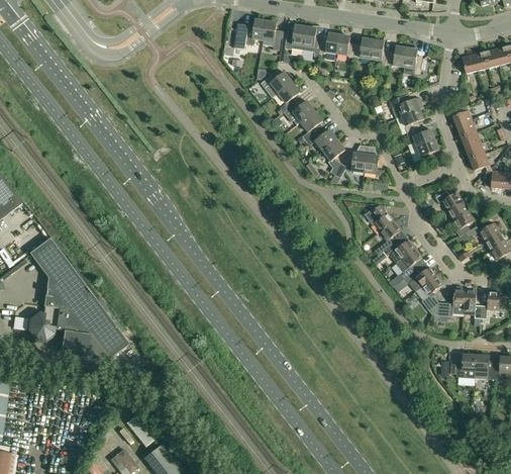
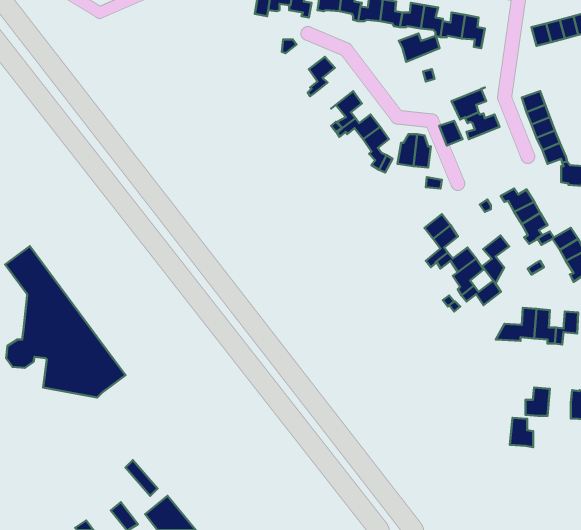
building: [260,72,291,97] -> none
building: [389,95,422,118] -> [399,33,439,62]
building: [283,100,314,124] -> none
building: [409,139,438,165] -> none
building: [420,275,442,314] -> [482,235,509,283]
building: [474,355,493,379] -> [510,418,533,447]

